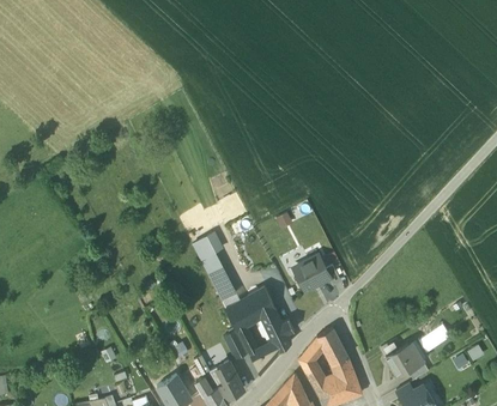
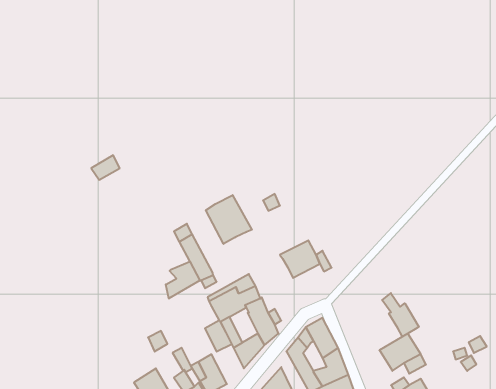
building: none -> [206,195,252,244]
building: none -> [166,262,200,299]
building: none -> [382,293,419,336]

